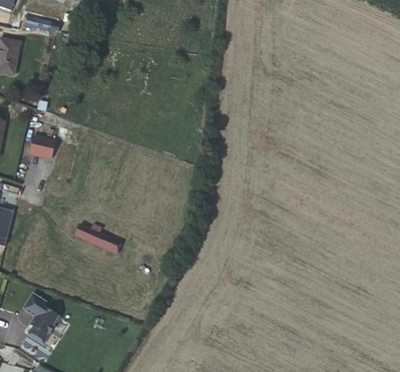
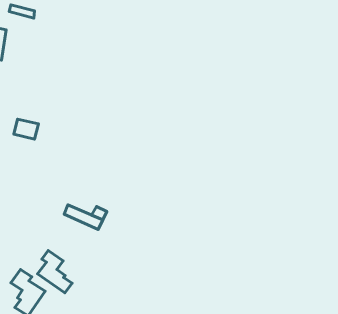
building: none -> [37,251,72,293]

